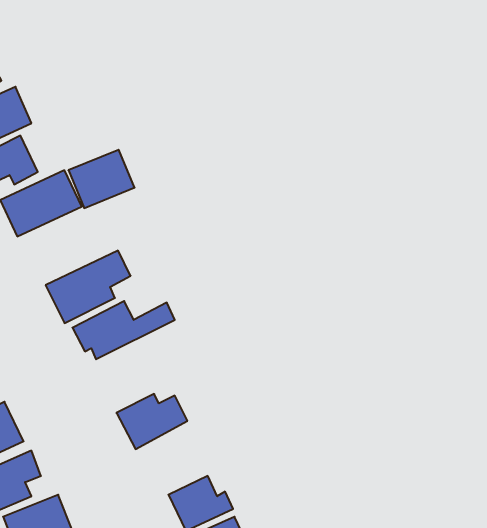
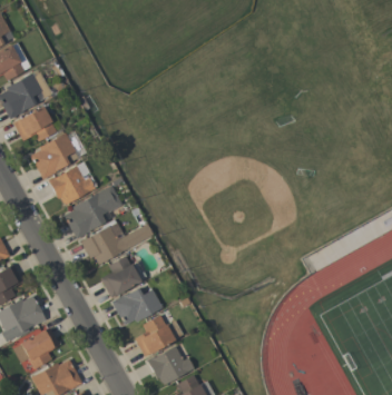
building: [68,150,135,208] -> [49,164,96,205]
building: none -> [101,256,140,297]
building: none -> [135,316,183,355]

